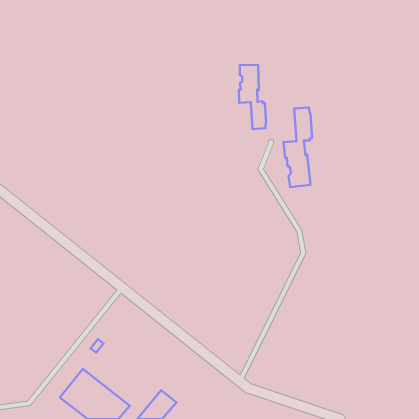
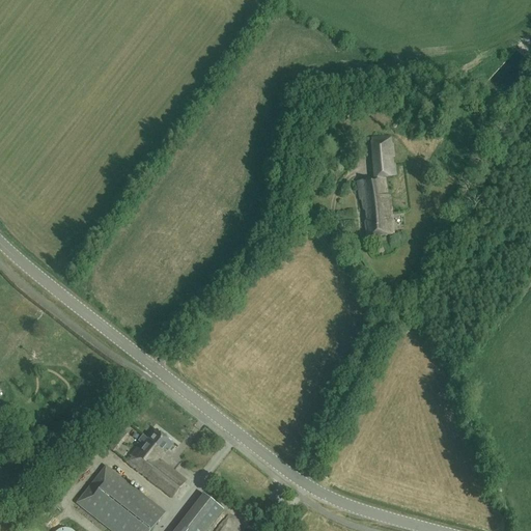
building: [239,65,266,129] -> none
building: none -> [125,428,185,497]

